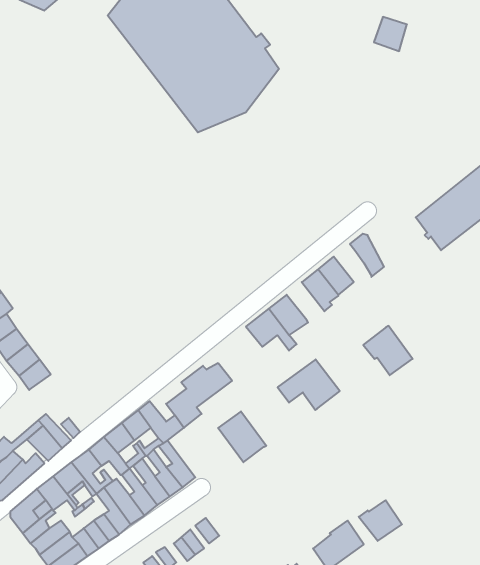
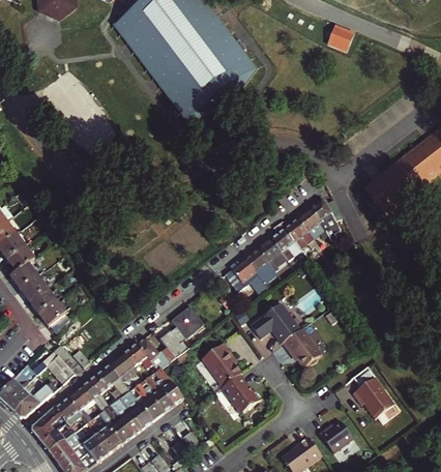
building: none -> [297,208,328,242]
building: none -> [259,239,290,270]
building: [363,326,413,375] -> [284,327,324,367]
building: none -> [222,374,267,420]
building: none -> [354,377,396,419]

